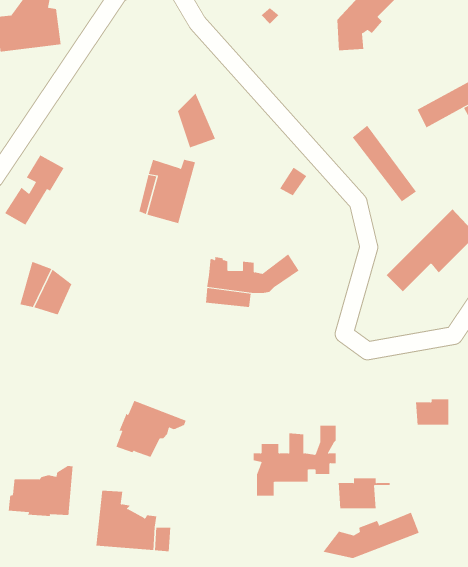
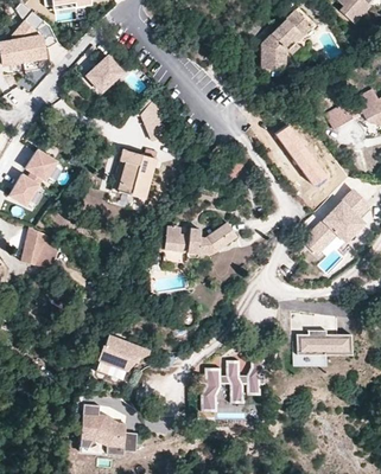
building: none -> [84,56,122,94]
building: [8,465,73,517] -> none
building: [338,478,390,509] -> [296,331,336,354]
building: [323,512,419,559] -> none

